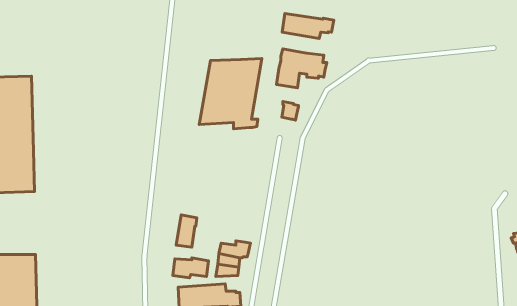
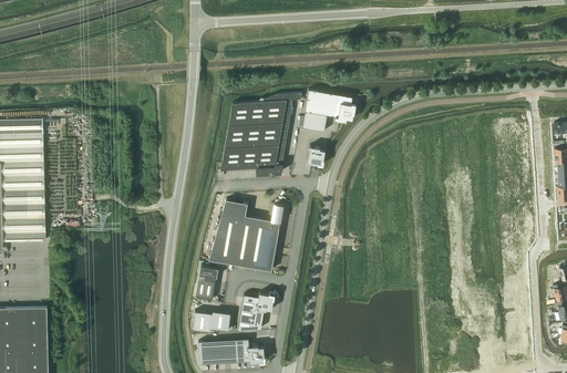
building: [282,14,334,38] -> none
building: none -> [207,200,282,271]

